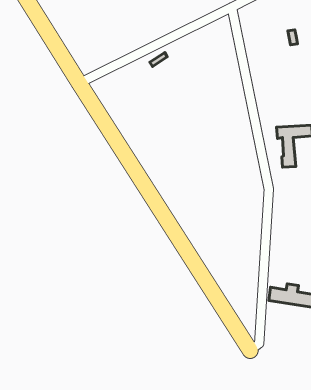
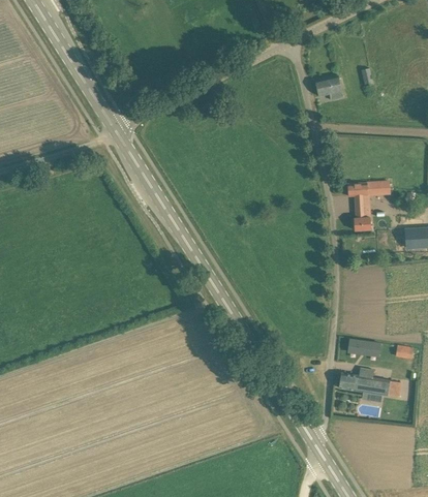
building: none -> [315,75,343,100]
building: none -> [348,338,381,358]

